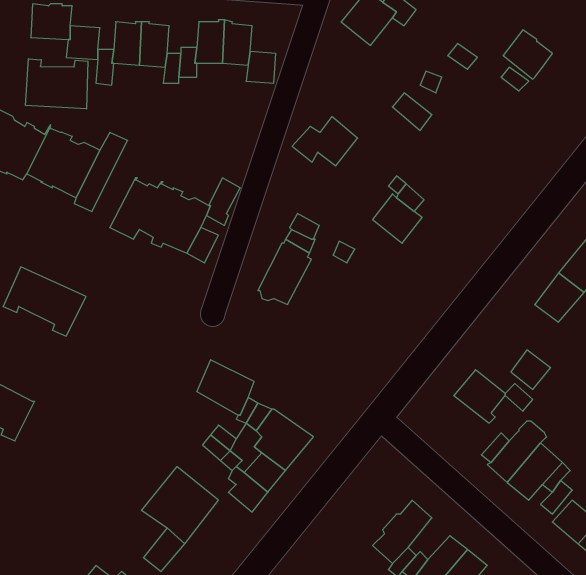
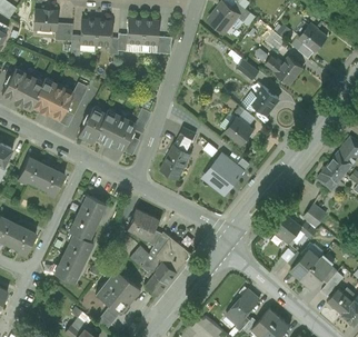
building: [26,59,88,109] -> none
building: none -> [266,58,302,86]
building: [292,117,358,166] -> [241,87,278,115]
building: none -> [207,153,243,196]
building: none -> [53,196,106,284]

